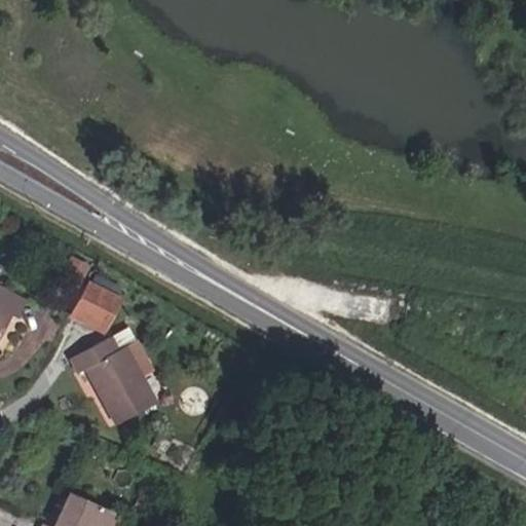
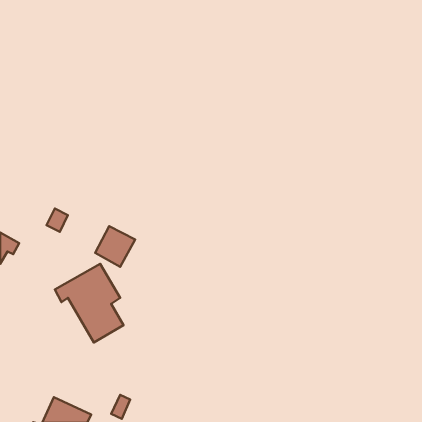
building: [71,280,120,331] -> [95,226,135,267]

